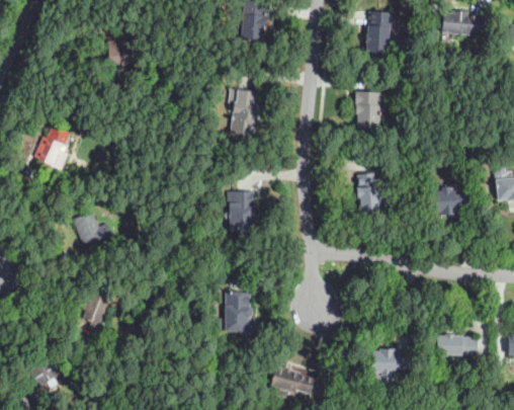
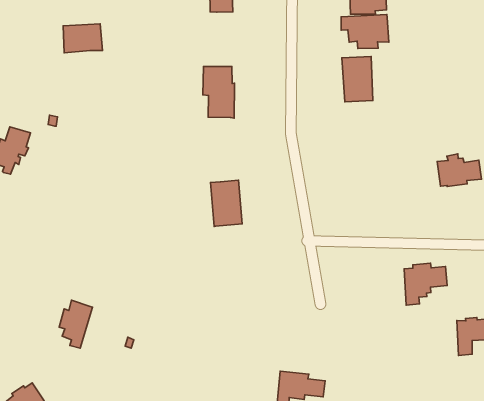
building: none -> [341,14,389,49]
building: [356,174,383,211] -> none
building: [73,212,102,244] -> none
building: [217,293,254,335] -> none
building: [371,348,410,384] -> [404,263,447,305]

